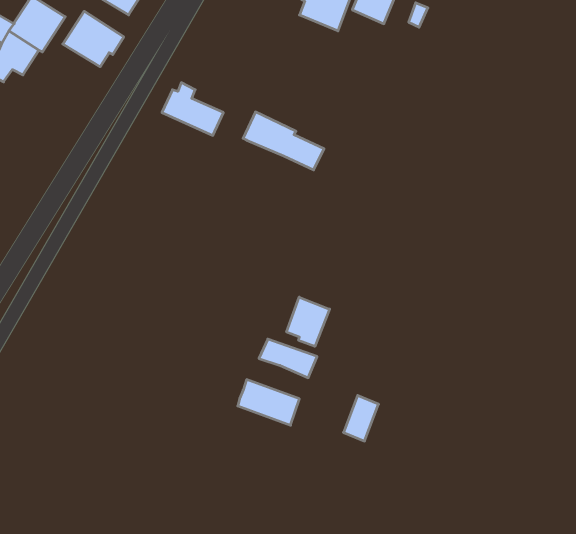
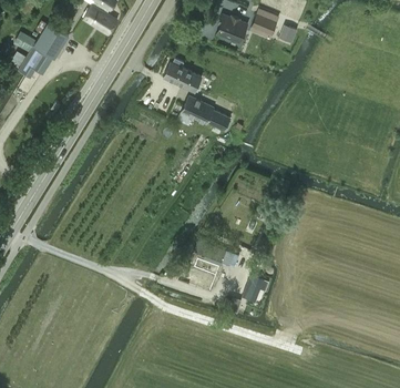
building: [63,11,124,67] -> none
building: [162,83,223,135] -> [163,57,202,90]
building: [287,297,330,346] -> none

